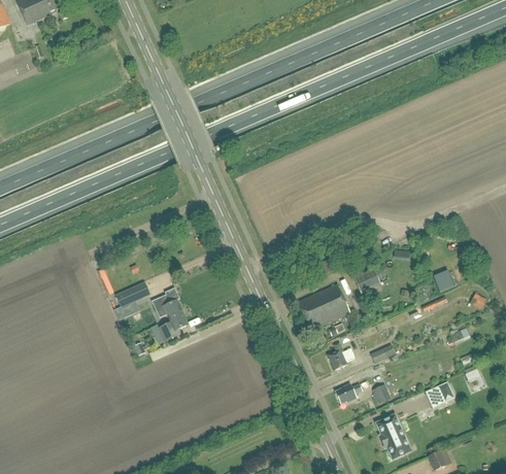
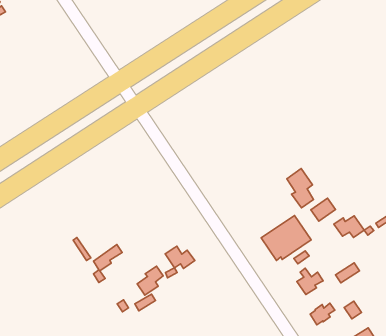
building: none -> [287,169,313,208]
building: [151,294,181,318] -> [165,246,195,268]
building: none -> [334,216,364,238]

